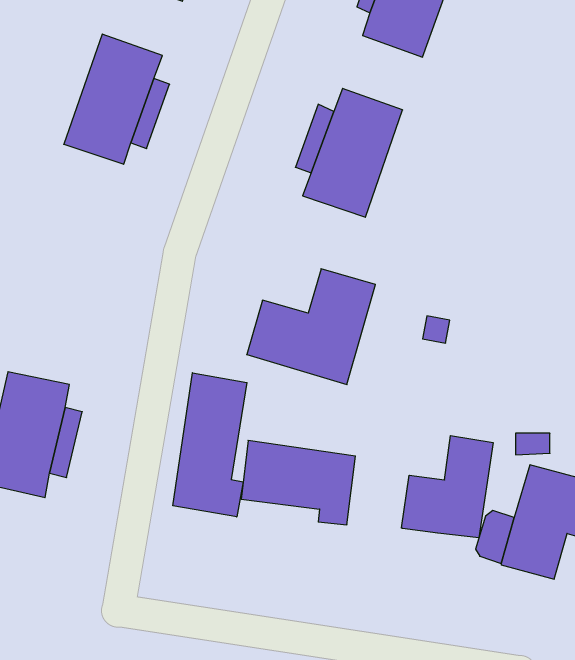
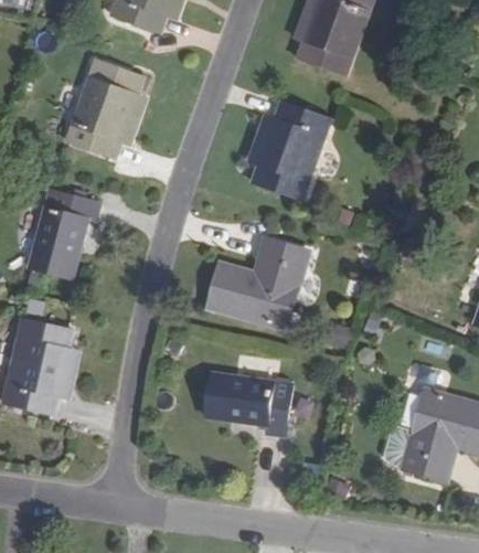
building: none -> [29,187,100,279]
building: [173,373,247,517] -> none
building: [401,436,493,538] -> none

